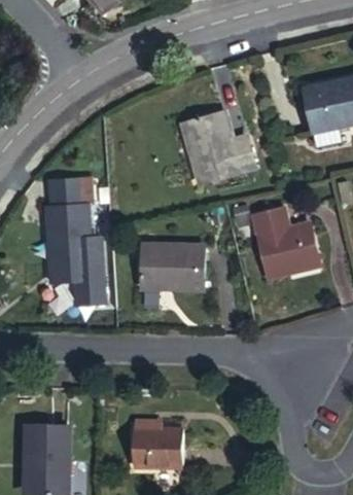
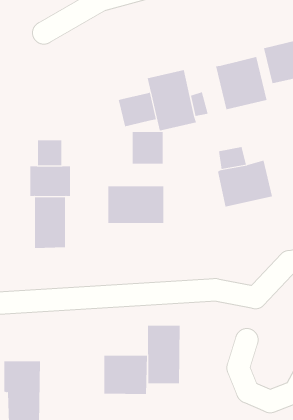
building: none -> [216,56,267,110]
building: none -> [118,92,157,127]
building: none -> [132,131,163,165]
building: none -> [148,325,180,384]

